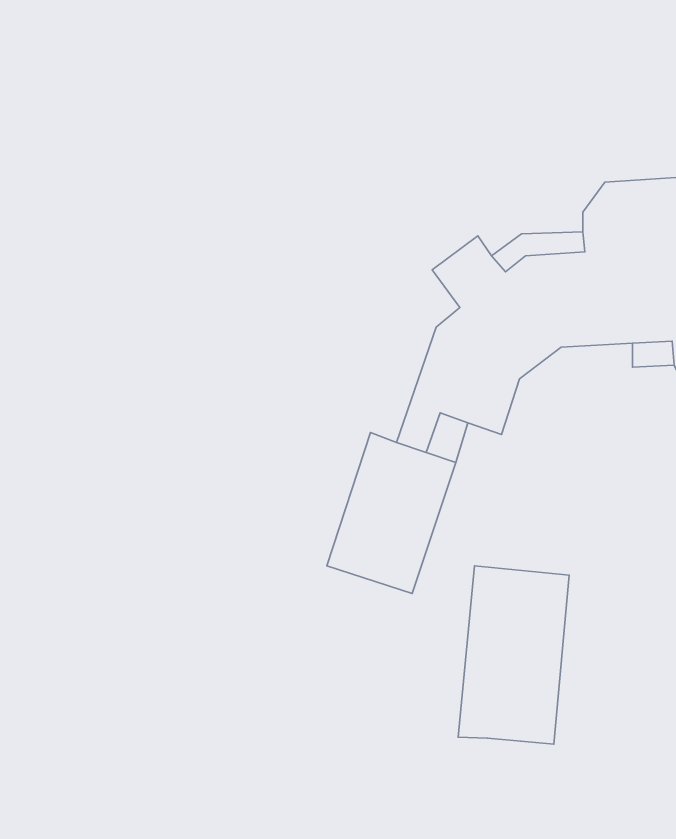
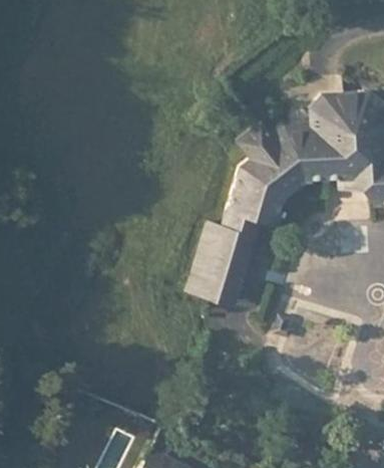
building: [458,566,569,744] -> none

